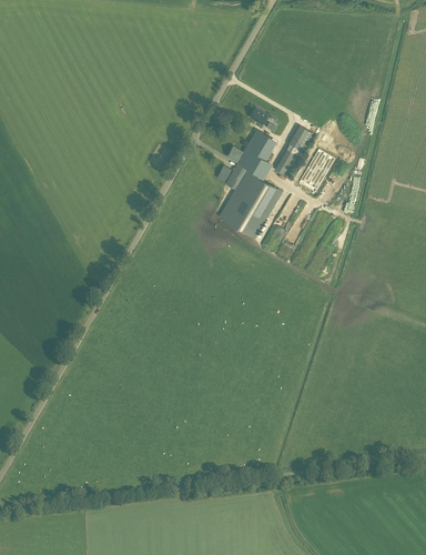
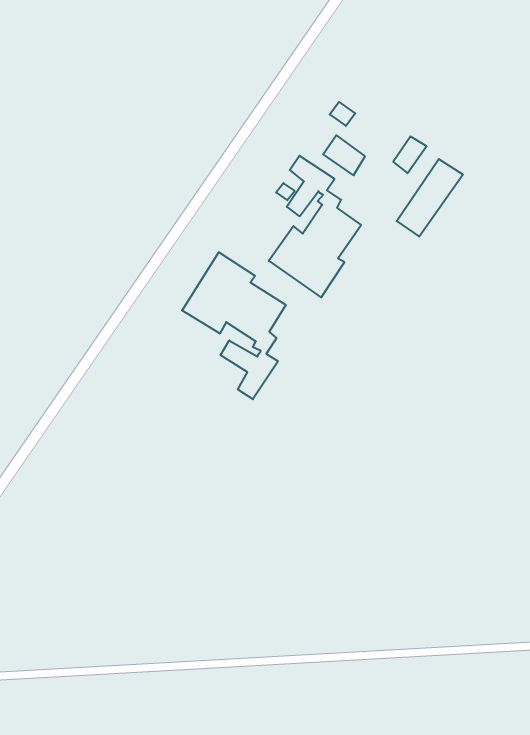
building: none -> [182,252,286,399]

